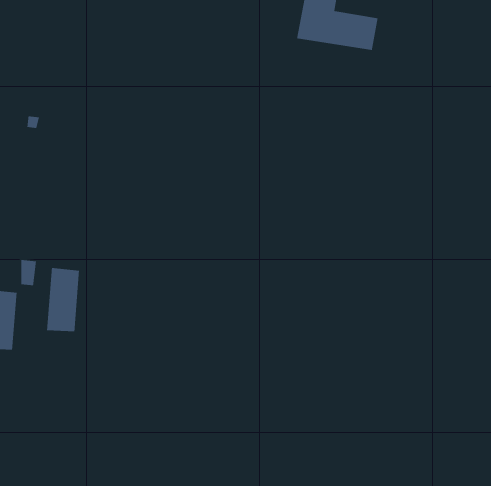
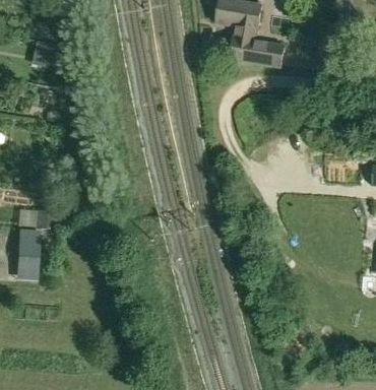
building: [46,267,80,332] -> none

